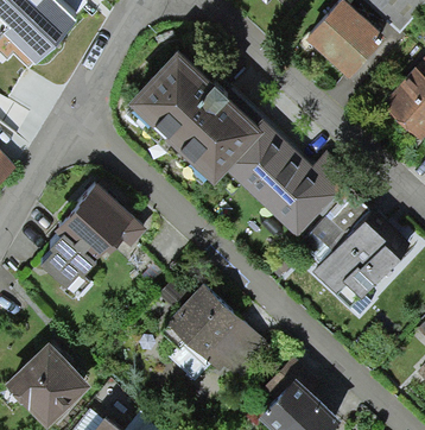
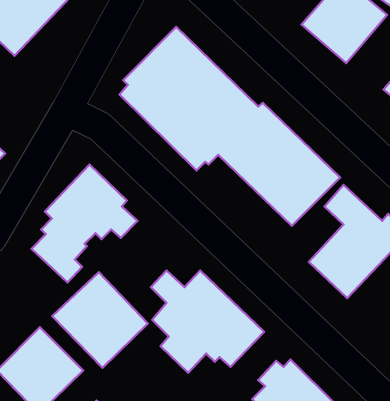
building: none -> [52,272,148,368]

